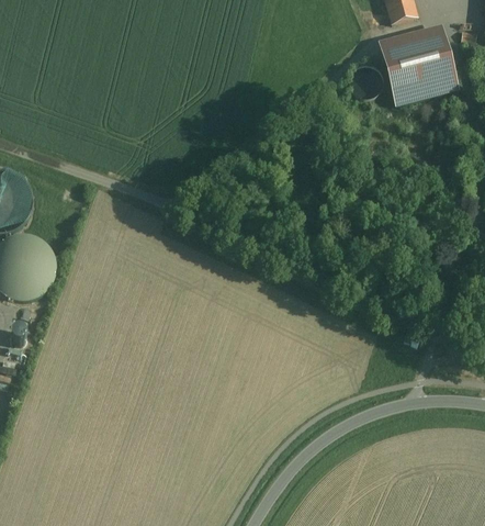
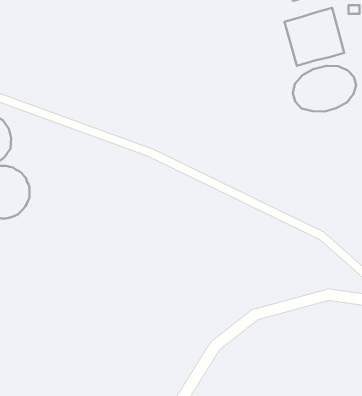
building: none -> [293,66,356,111]

